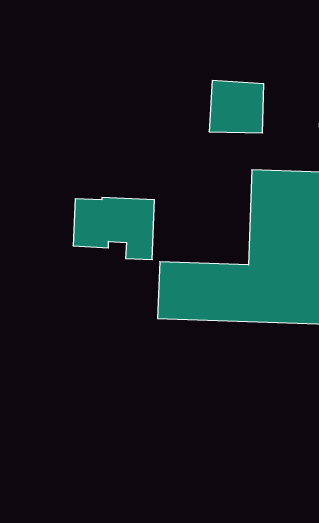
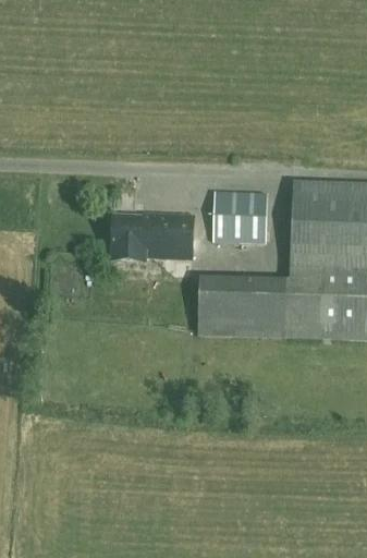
building: [209,81,264,133] -> [211,187,267,241]

